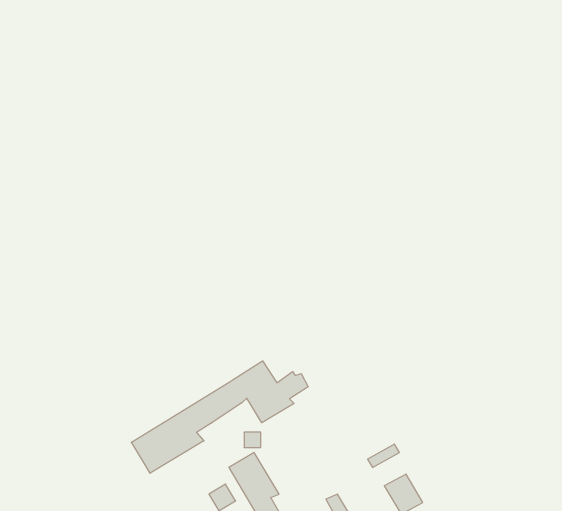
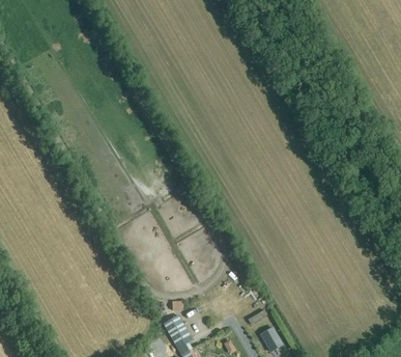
building: [131,361,308,473] -> none

